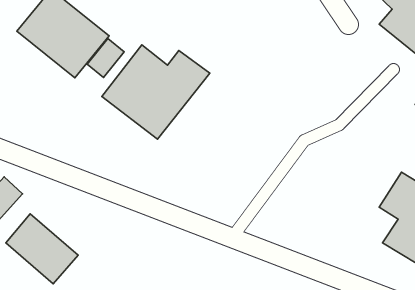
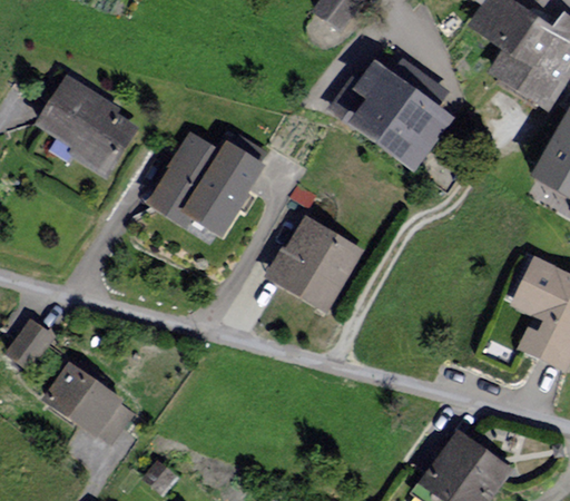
building: none -> [322,53,459,174]
building: [87,39,124,77] -> none
building: none -> [265,214,364,313]

